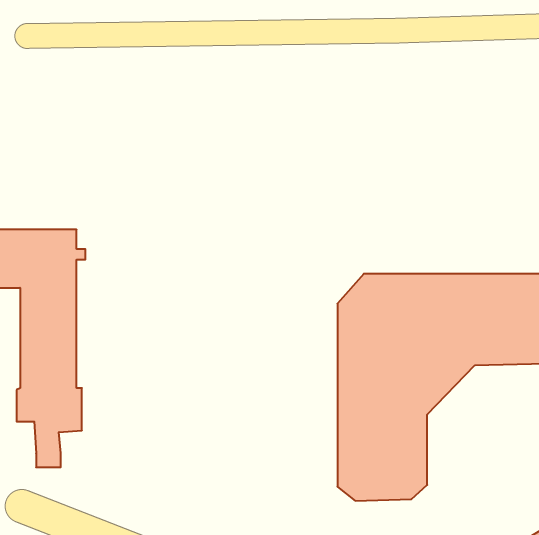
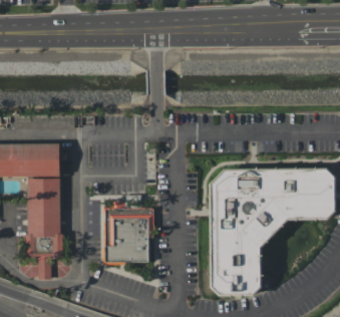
building: none -> [102,199,150,259]

